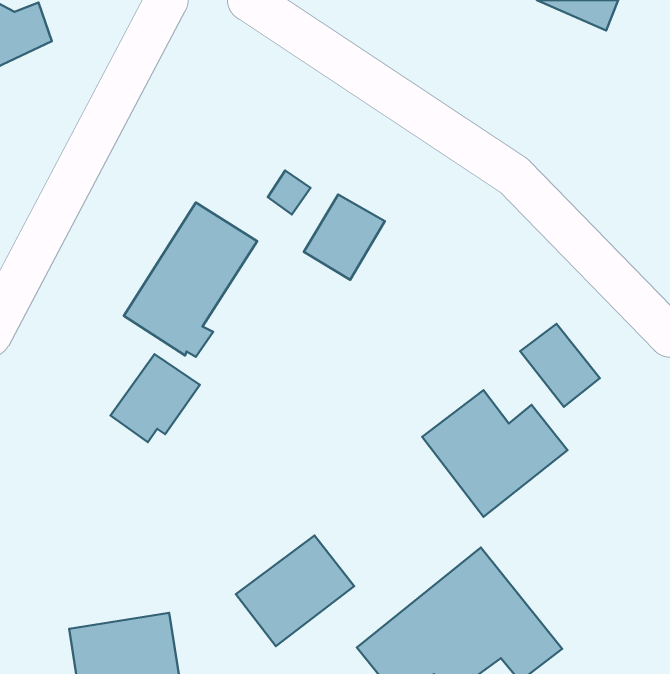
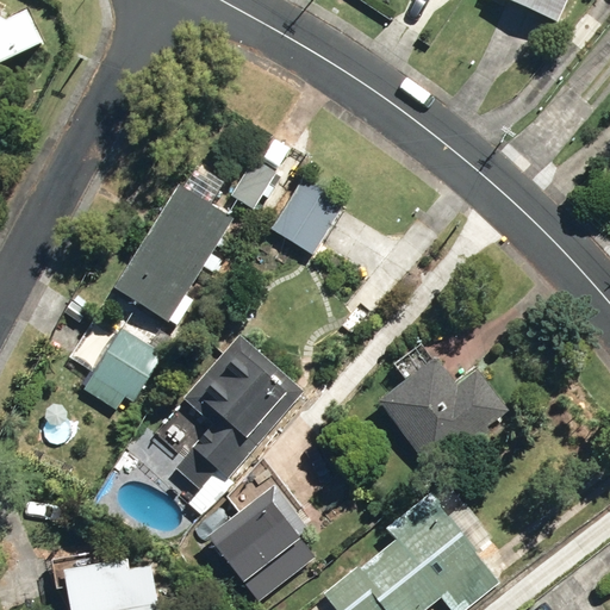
building: [520,324,600,407] -> none
building: none -> [172,335,303,490]

